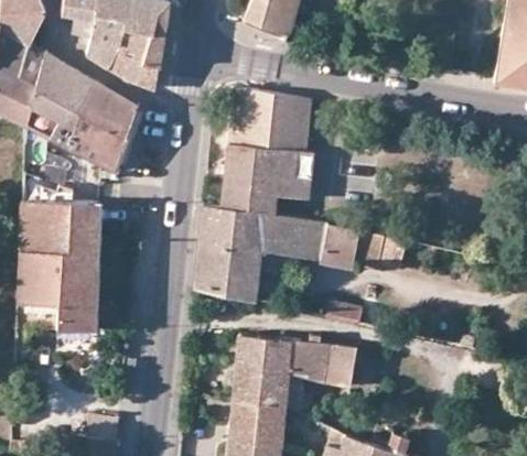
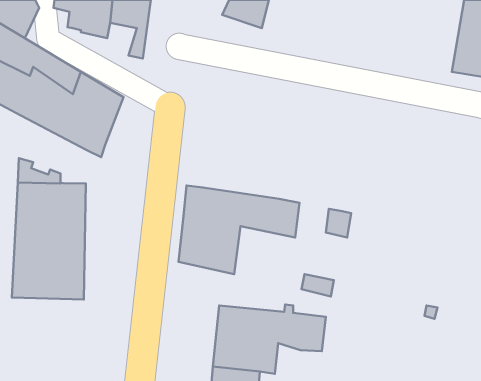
building: [80,29,158,90] -> none
building: [223,90,316,219] -> none
building: [323,224,359,268] -> none

